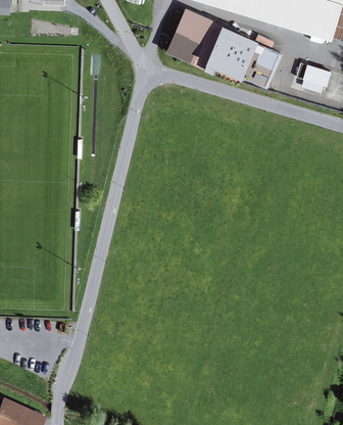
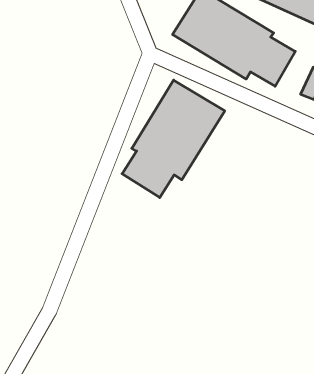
building: none -> [122,80,225,198]

